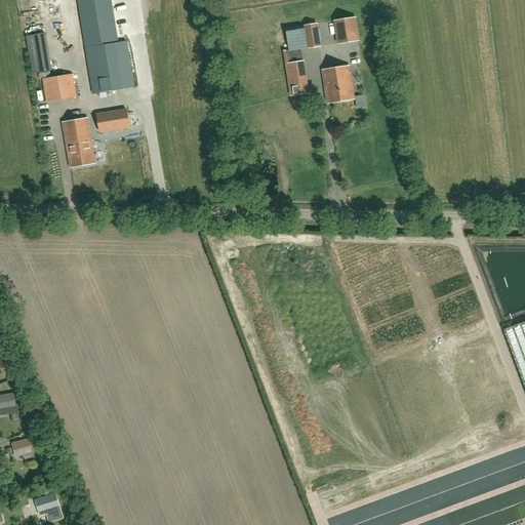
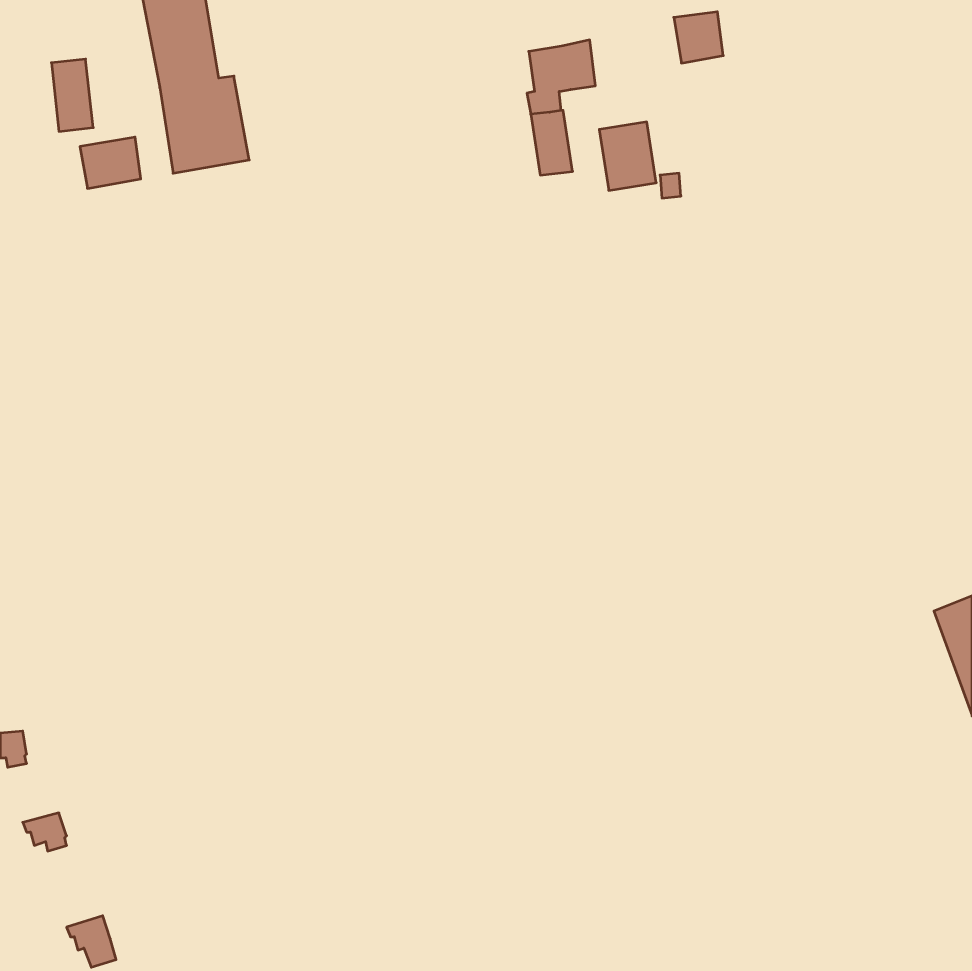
building: [333,16,360,44] -> [674,12,723,63]
building: [96,110,128,131] -> none
building: [64,118,94,166] -> none

